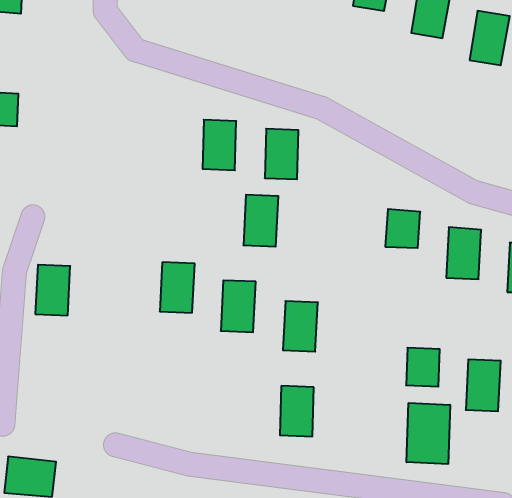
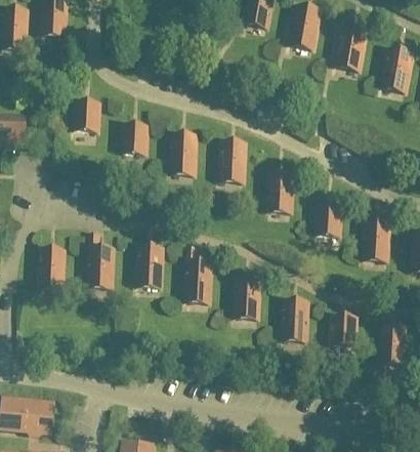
building: none -> [74,100,100,131]
building: none -> [122,124,149,155]
building: [243,195,278,247] -> [266,171,294,212]
building: none -> [87,247,115,288]
building: [280,386,314,436] -> [282,300,308,340]
building: [407,403,450,464] -> none

